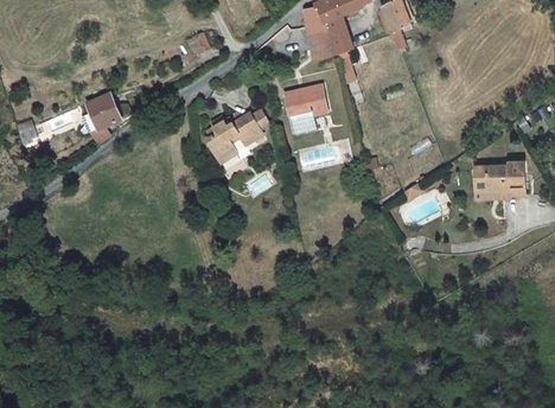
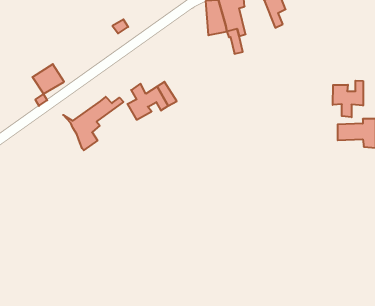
building: [286,85,327,134] -> none
building: none -> [333,81,363,117]
building: none -> [63,97,123,150]

